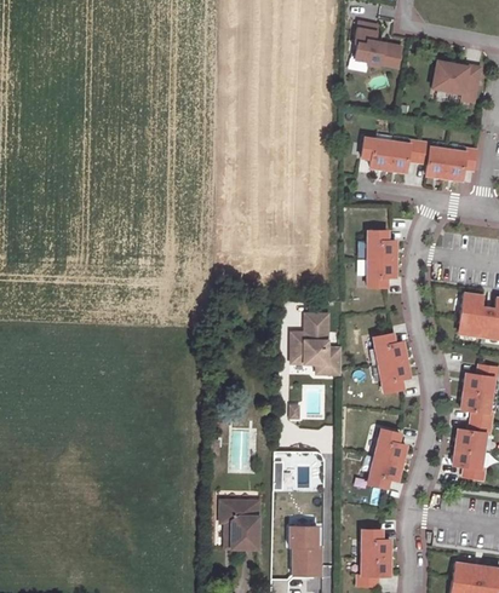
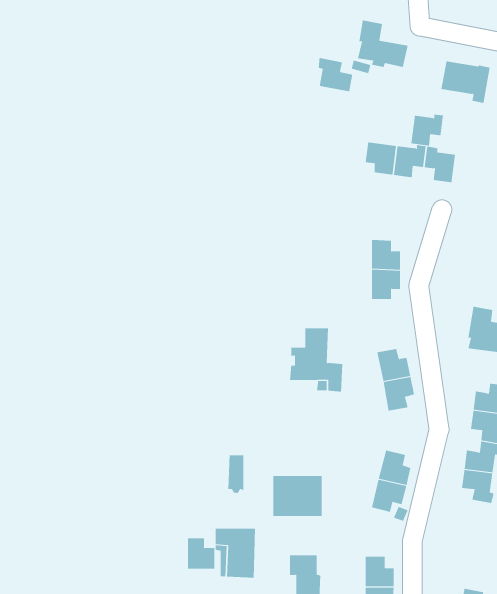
building: none -> [318,57,353,92]
building: [444,149,476,179] -> [410,114,444,146]
building: none -> [187,537,215,569]

